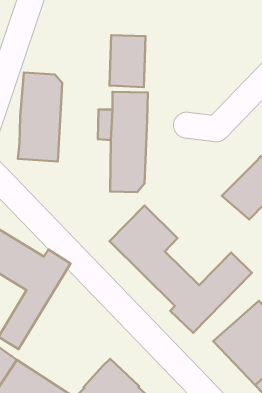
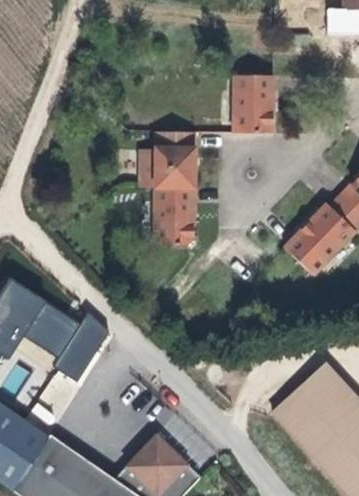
building: [109,35,146,87] -> [233,76,274,135]
building: [18,73,62,161] -> none
building: [109,206,252,333] -> none

